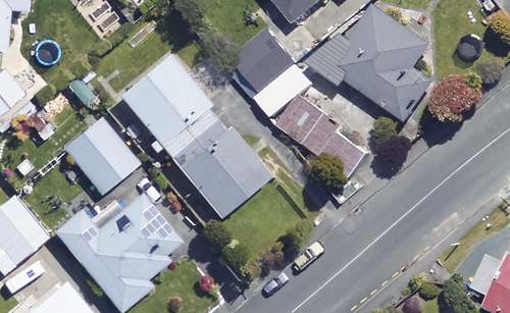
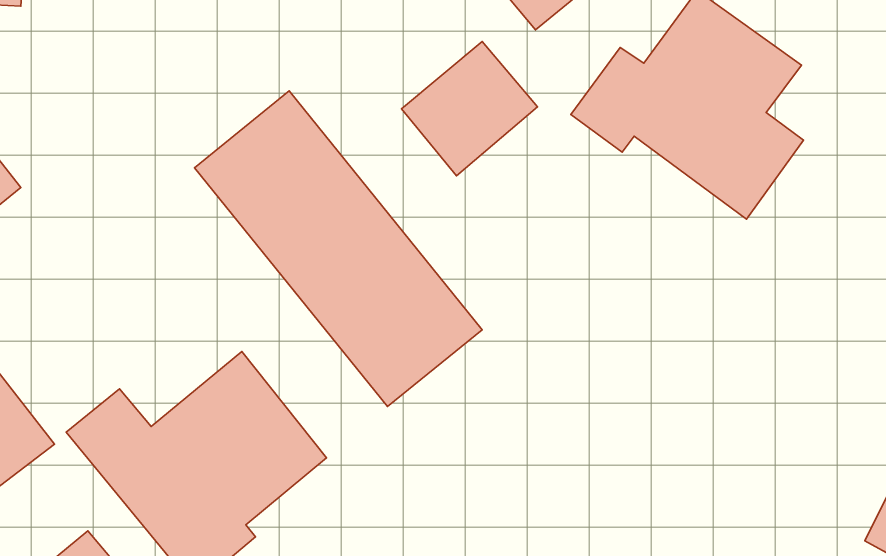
building: [277,96,369,176] -> none
building: [63,121,135,195] -> none

